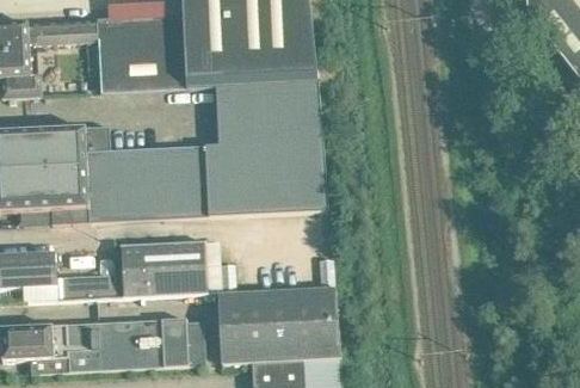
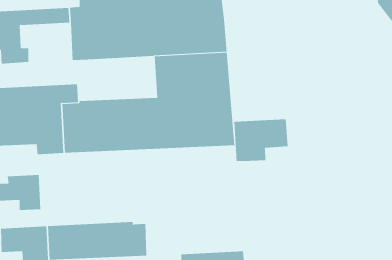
building: none -> [234,119,288,162]
building: [121,240,209,296] -> none
building: [57,272,117,298] -> none
building: [218,285,343,363] -> none

